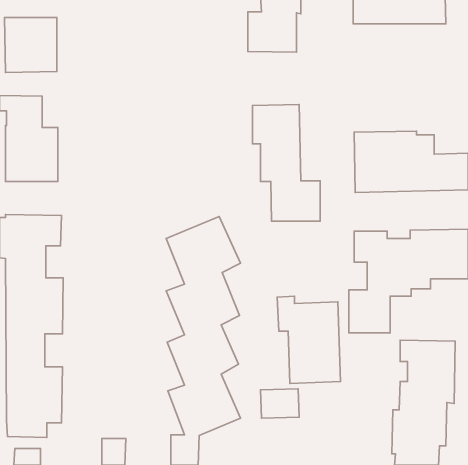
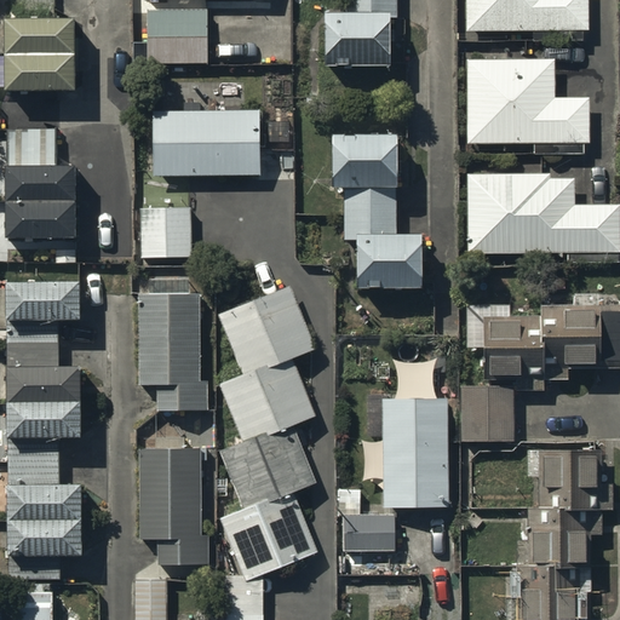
building: none -> [147,7,207,63]
building: none -> [466,58,589,142]
building: none -> [151,103,258,168]
building: none -> [140,208,190,257]
building: none -> [139,294,207,411]
building: none -> [140,448,209,563]

